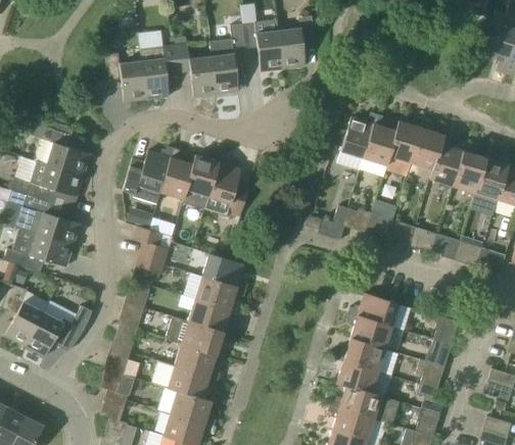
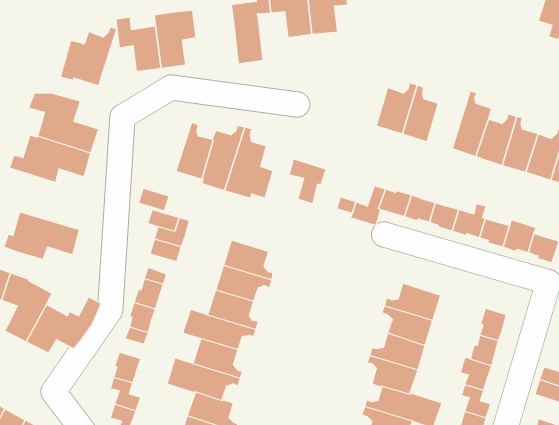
building: [176,45,217,97] -> none
building: [386,117,426,178] -> none
building: [124,146,175,199] -> [60,27,117,86]
building: none -> [289,159,326,204]
building: [6,189,81,245] -> none

